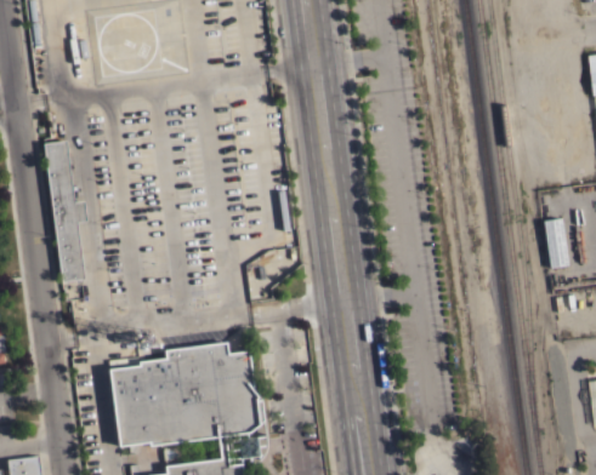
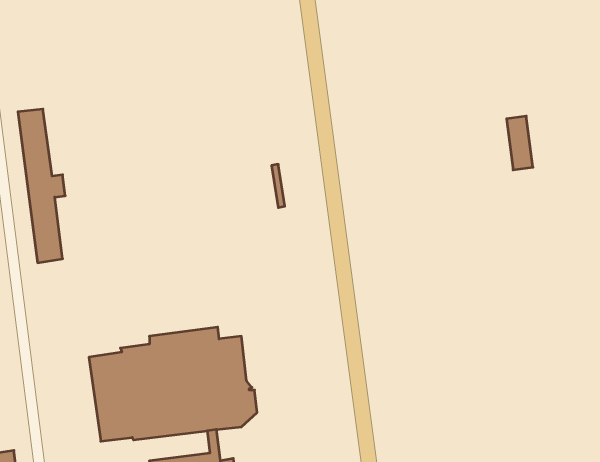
building: [544,218,568,268] -> [507,116,533,170]

